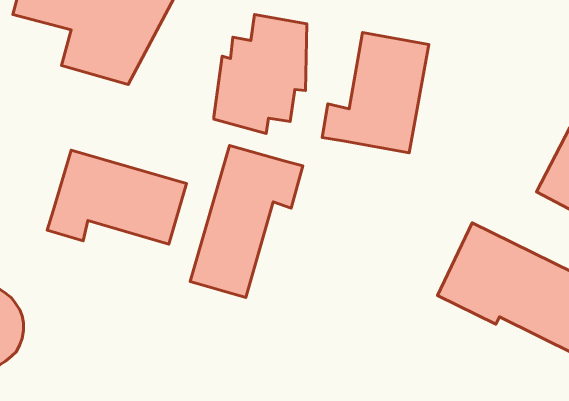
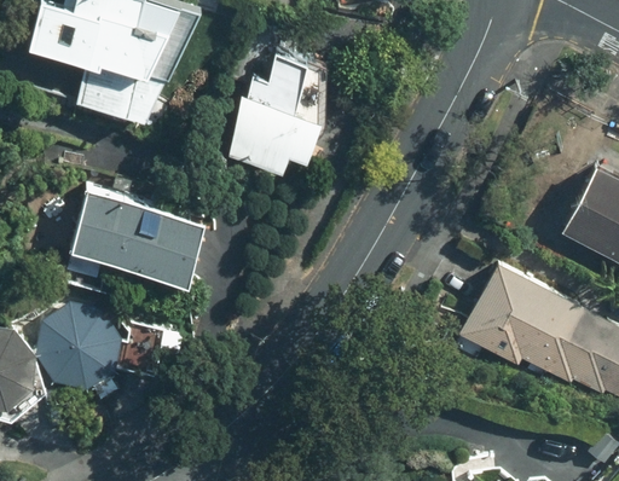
building: [322,33,429,153] -> none
building: [190,146,303,297] -> none
building: none -> [35,301,121,387]

